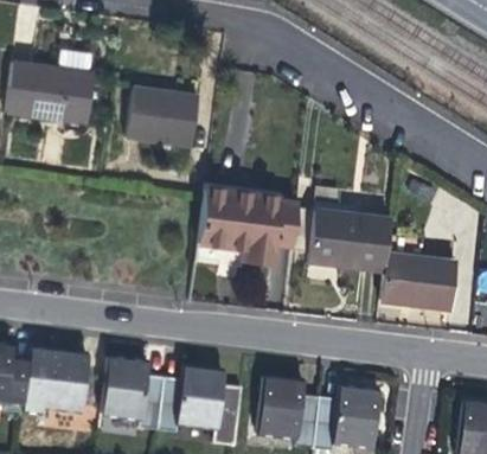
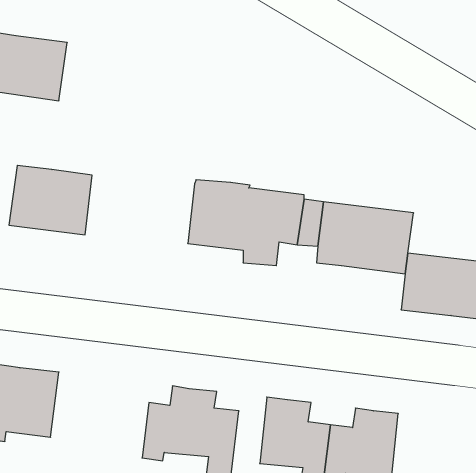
building: [127,87,198,146] -> [9,165,92,235]
building: [102,358,165,428] -> none

